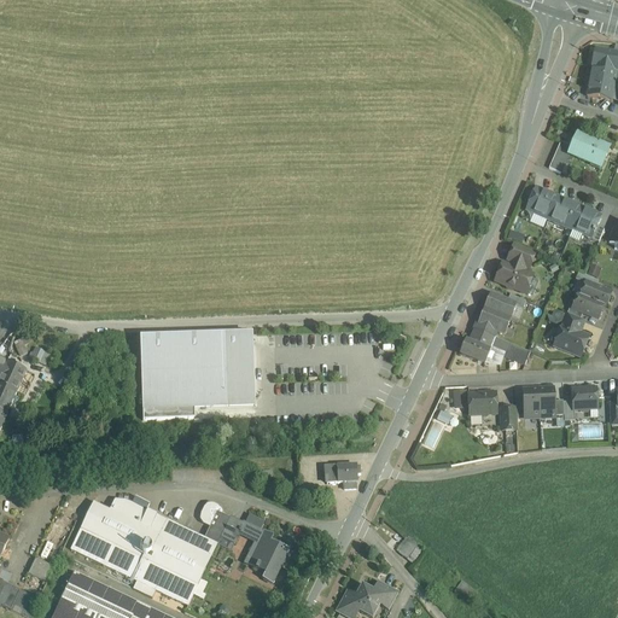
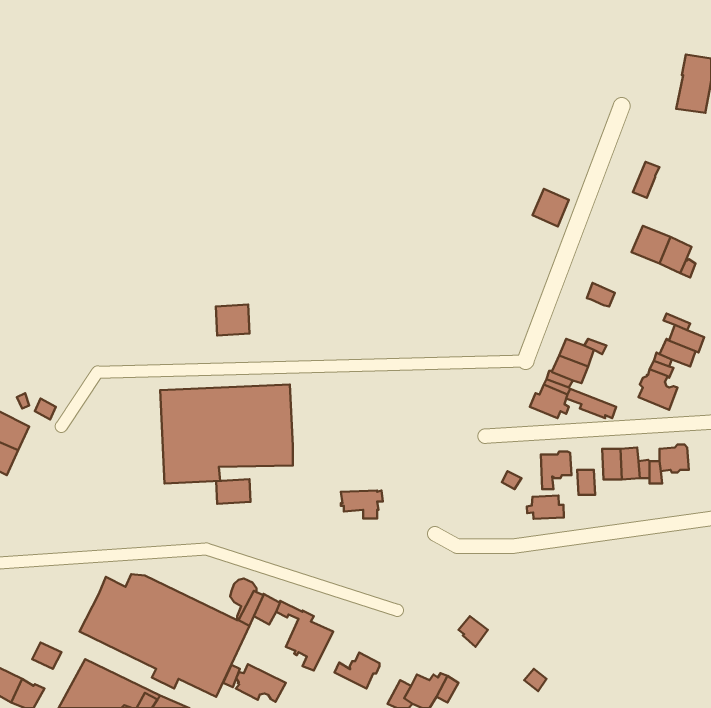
building: [567,133,608,167] -> none
building: [525,186,556,218] -> [533,189,569,226]
building: [495,260,531,291] -> none
building: none -> [216,305,249,335]
building: none -> [216,479,250,504]
building: none -> [527,496,564,519]
building: [323,464,360,488] -> [341,490,383,518]
building: none -> [335,653,380,688]
building: none -> [236,664,286,702]

